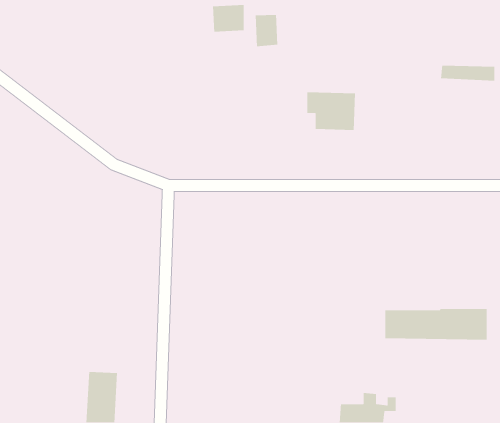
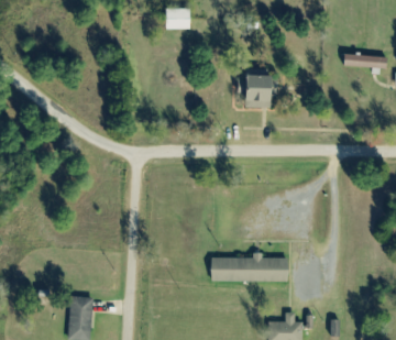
building: [255,14,278,47] -> none
building: [385,308,487,340] -> [210,256,290,282]

